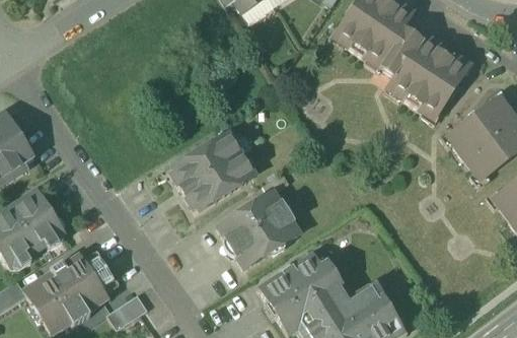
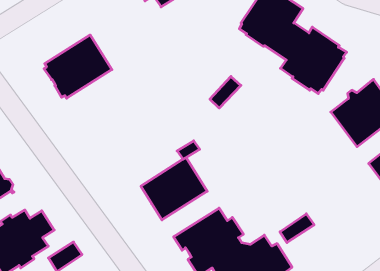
building: none -> [210,76,241,108]
building: [172,133,254,209] -> [44,35,112,98]
building: none -> [280,214,314,243]

